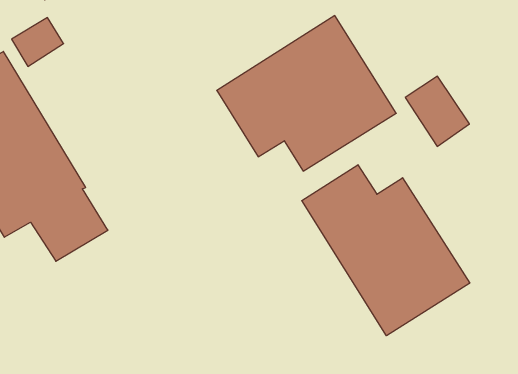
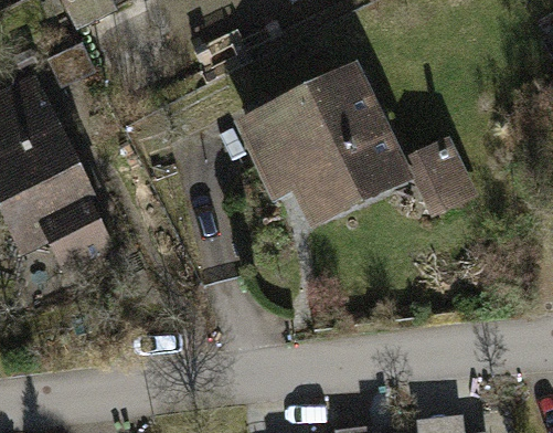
building: [302,165,470,336] -> none

